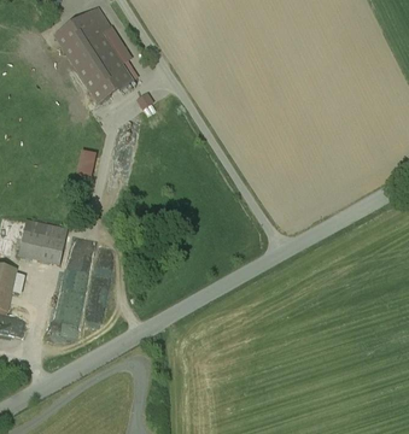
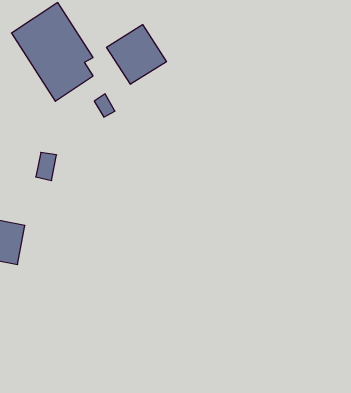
building: none -> [107,25,166,84]

